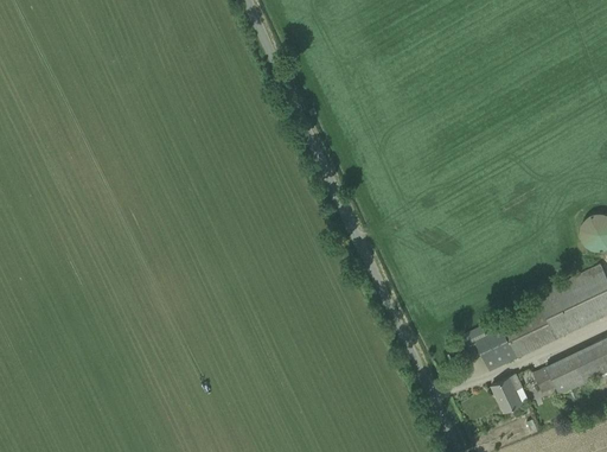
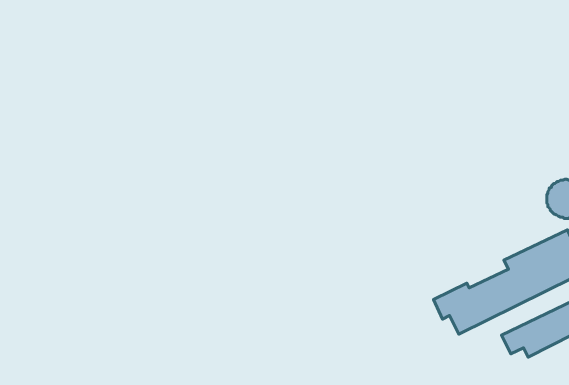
building: [492,374,529,412] -> none

